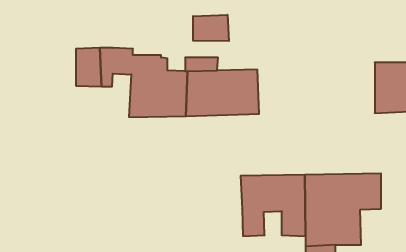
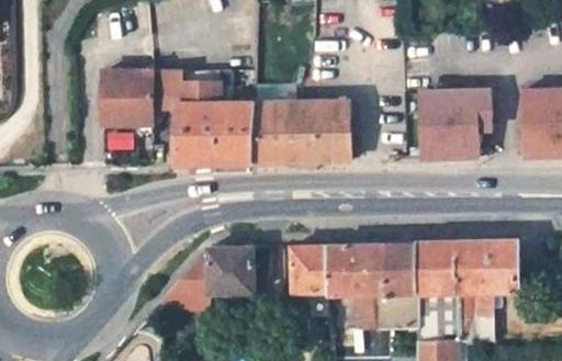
building: [193,15,229,41] -> none
building: none -> [412,89,482,159]
building: none -> [294,246,331,292]
building: none -> [159,247,257,314]

